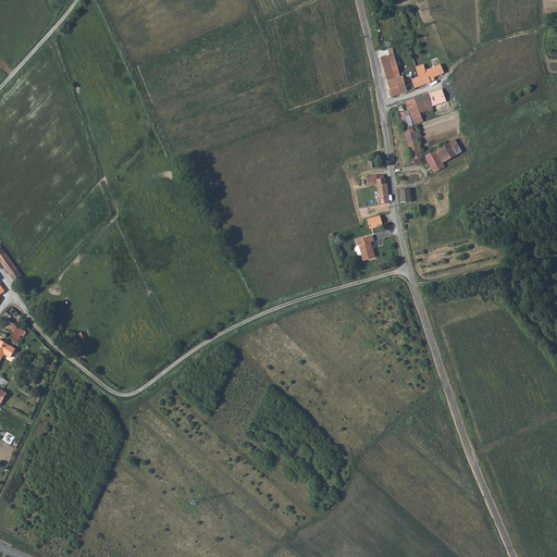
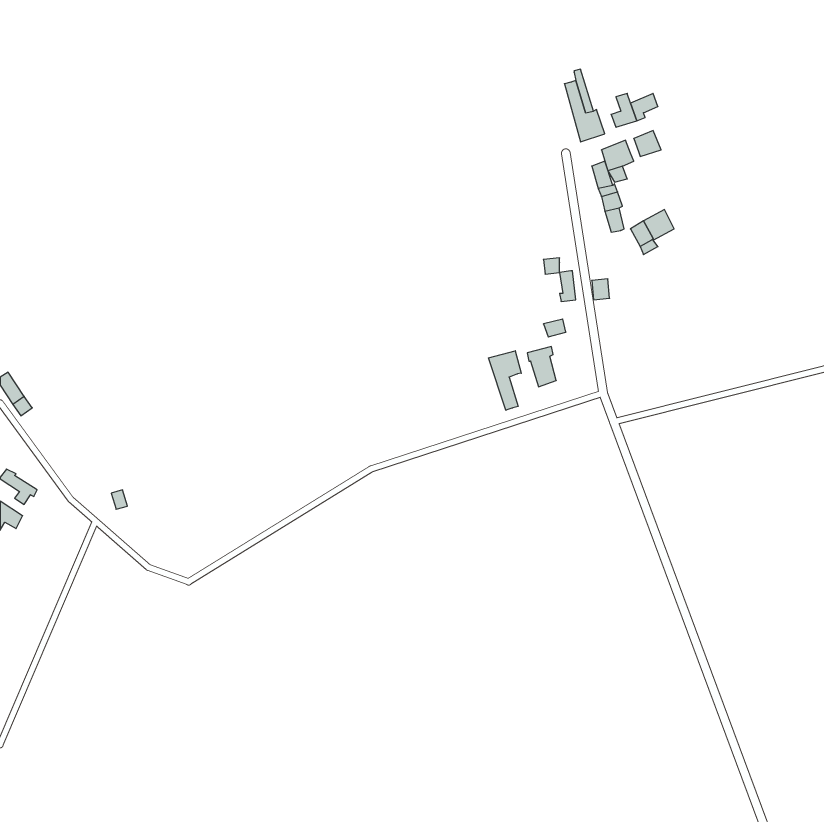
building: none -> [489,351,521,410]

